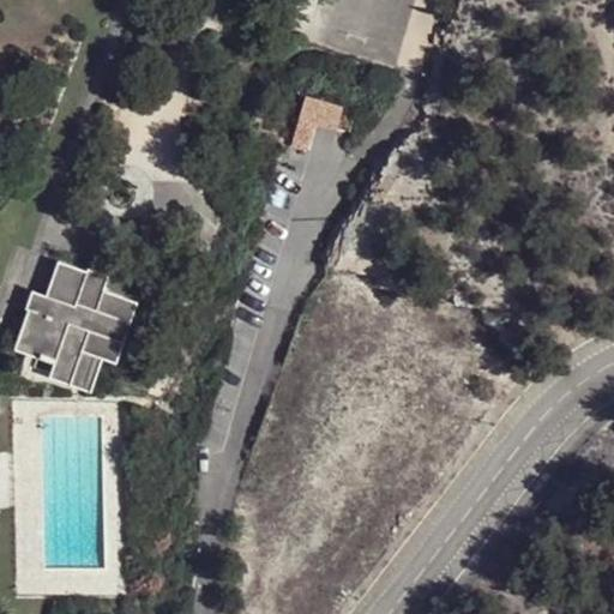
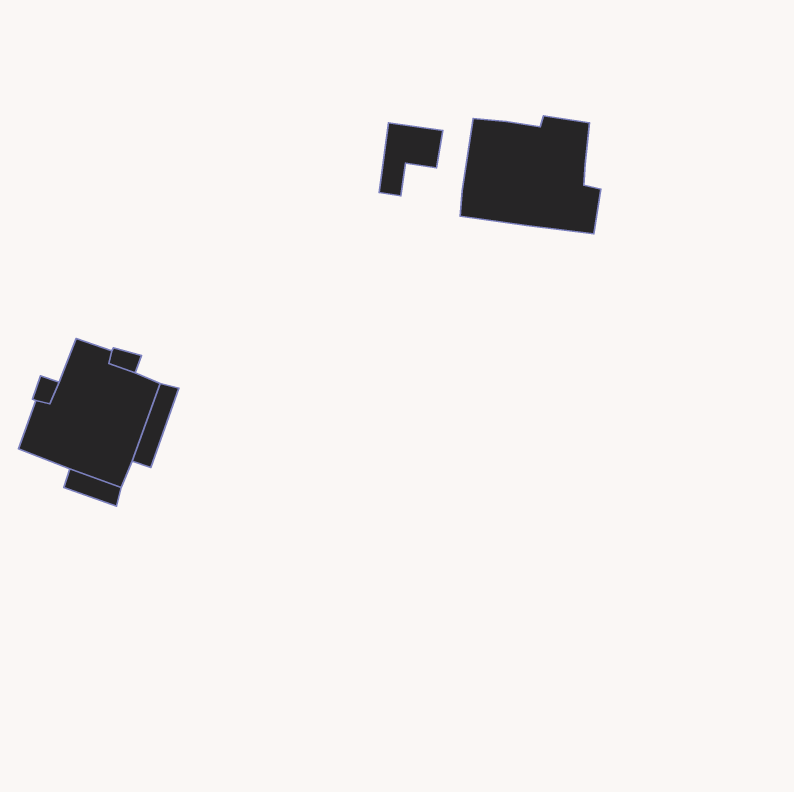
building: none -> [460,116,601,234]

